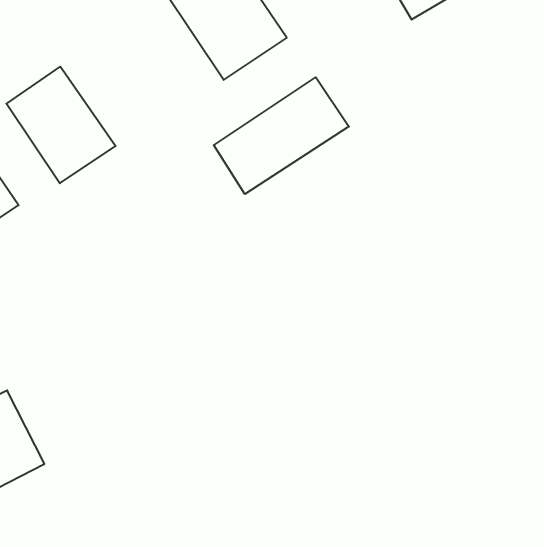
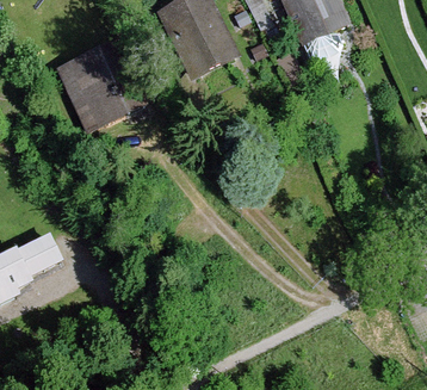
building: [214,77,349,194] -> none

